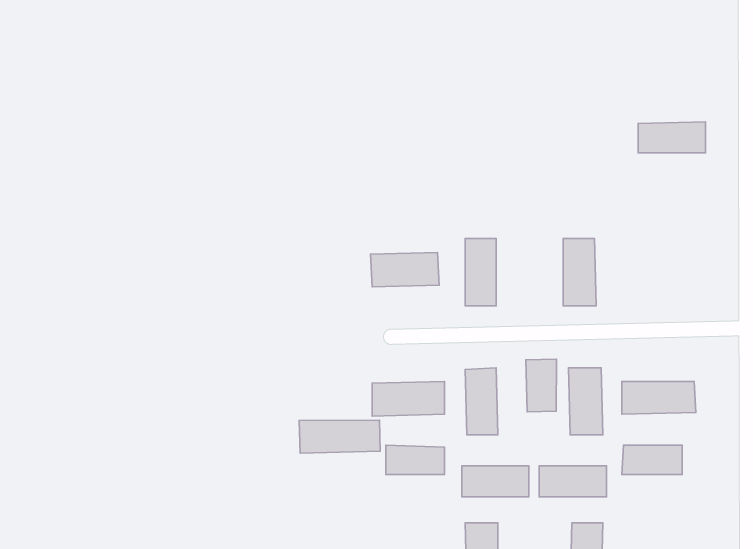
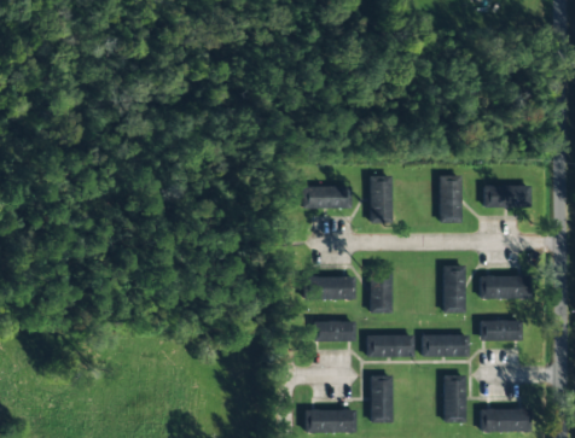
building: [638,122,705,153] -> [483,186,530,208]
building: [526,359,556,412] -> none
building: [299,420,380,453] -> none

